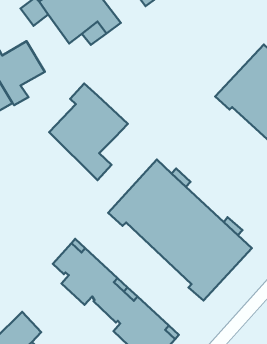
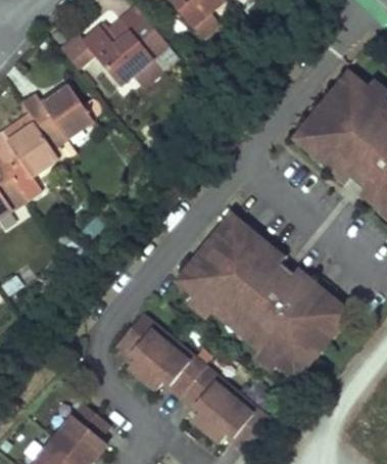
building: [49,84,128,180] -> none

